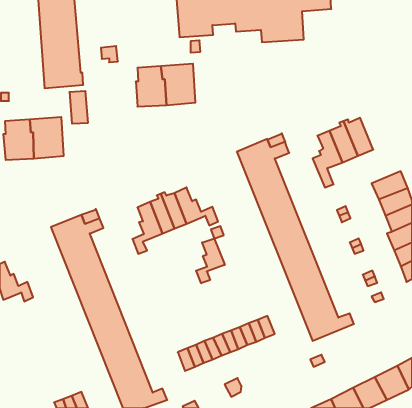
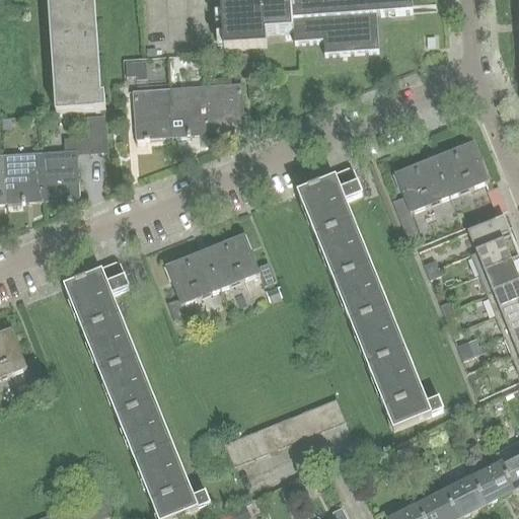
building: none -> [133,85,173,137]
building: none -> [452,142,489,188]
building: [196,238,225,283] -> none

